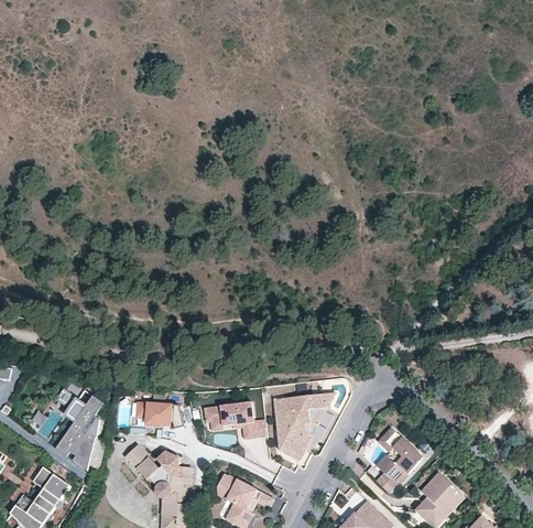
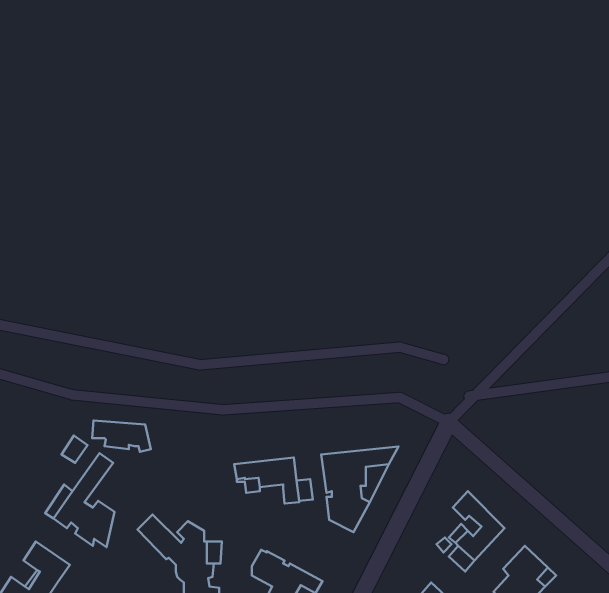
building: [137,402,184,428] -> [92,420,151,452]

